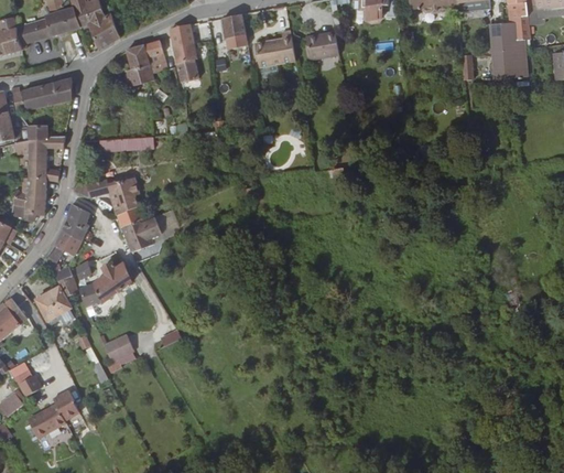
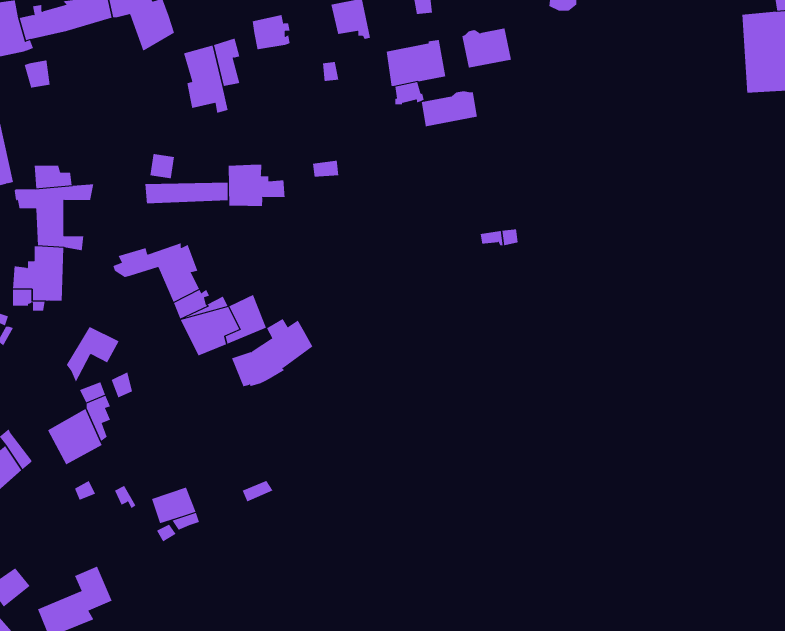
building: [172,45,196,82] -> none
building: none -> [421,90,477,127]
building: [12,78,70,111] -> none
building: none -> [228,164,285,207]
building: [62,204,89,240] -> none
building: [77,261,131,307] -> [231,318,313,387]
building: [9,358,40,395] -> none

